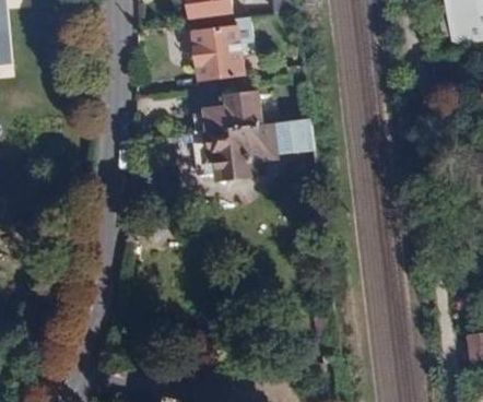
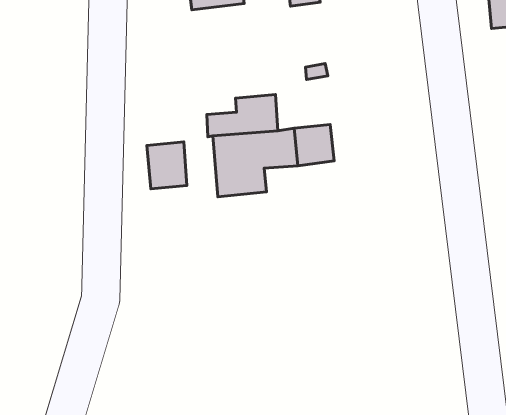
building: [190,25,245,81] -> none
building: none -> [147,142,187,189]

